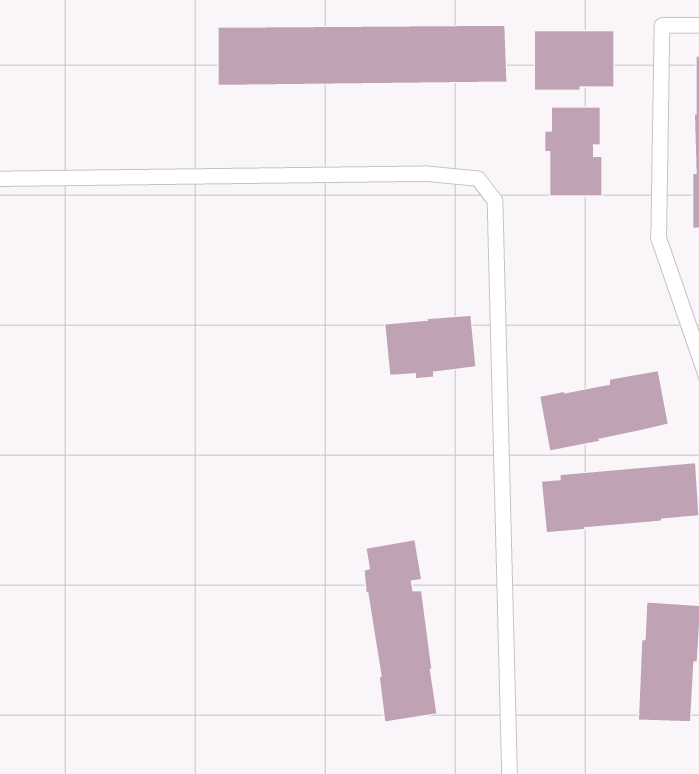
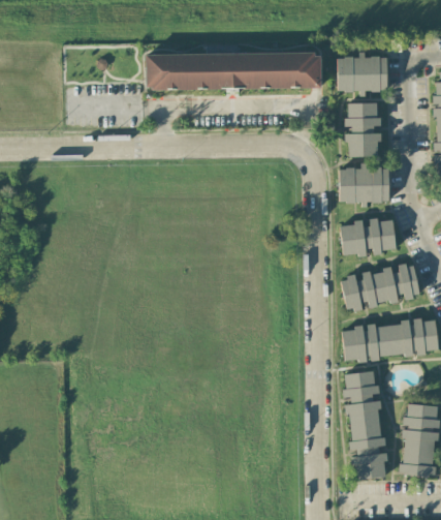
building: none -> [339,165,389,203]
building: [384,316,476,379] -> [340,218,396,256]
building: [364,540,437,722] -> [343,369,387,480]

